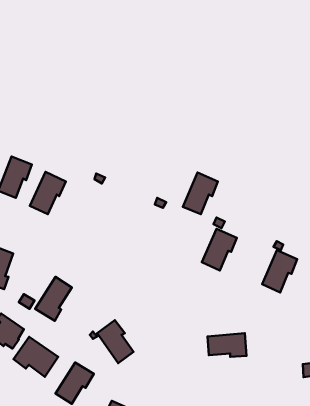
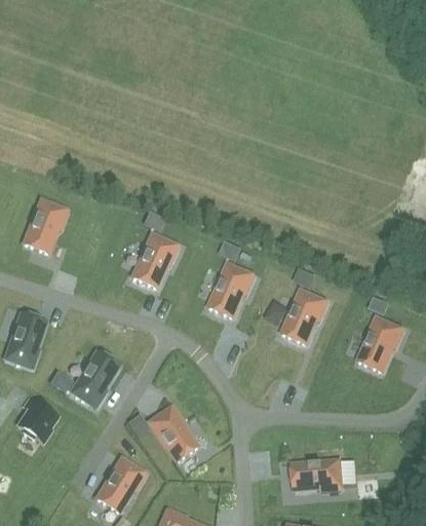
building: [30,172,66,214] -> [132,233,178,287]
building: [183,173,218,214] -> [209,263,254,315]
building: [207,333,246,357] -> [292,459,341,489]
building: [14,337,58,377] -> none

